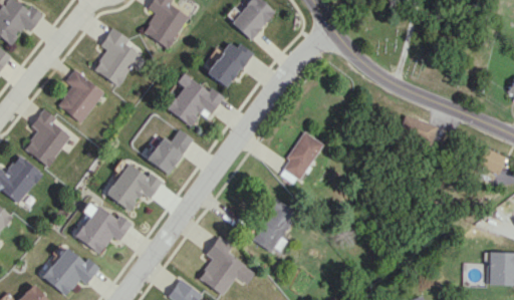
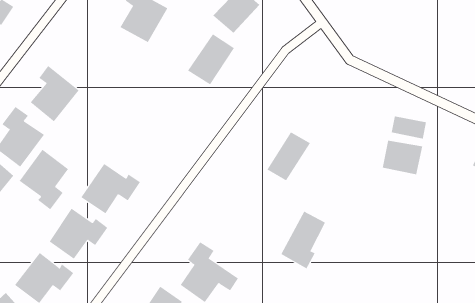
building: [93,28,144,86] -> none
building: [168,73,224,126] -> none
building: [147,128,194,175] -> none
building: none -> [382,140,423,175]
building: none -> [19,149,69,210]
building: [254,200,297,255] -> [281,211,326,269]

